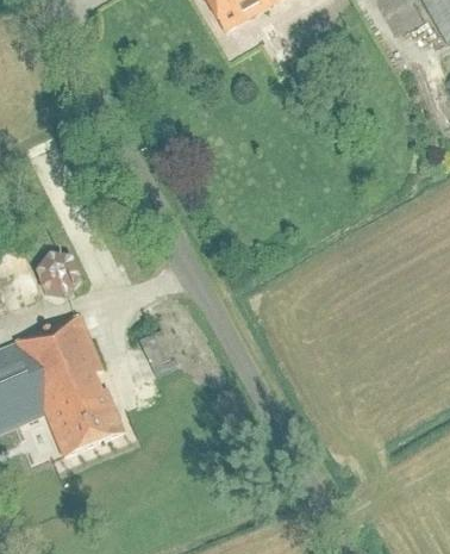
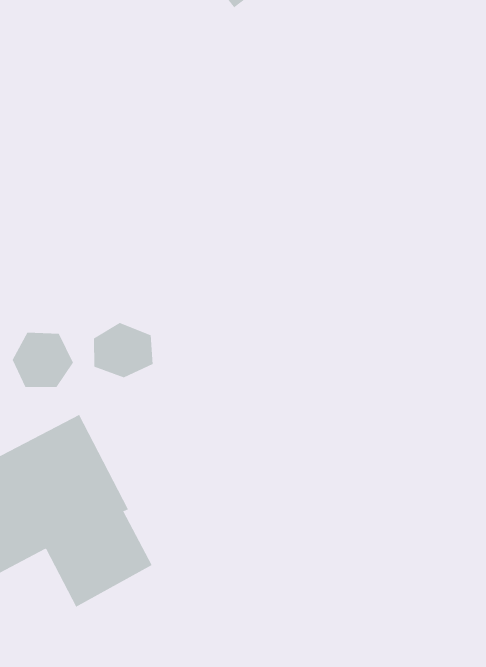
building: none -> [94,322,153,378]

